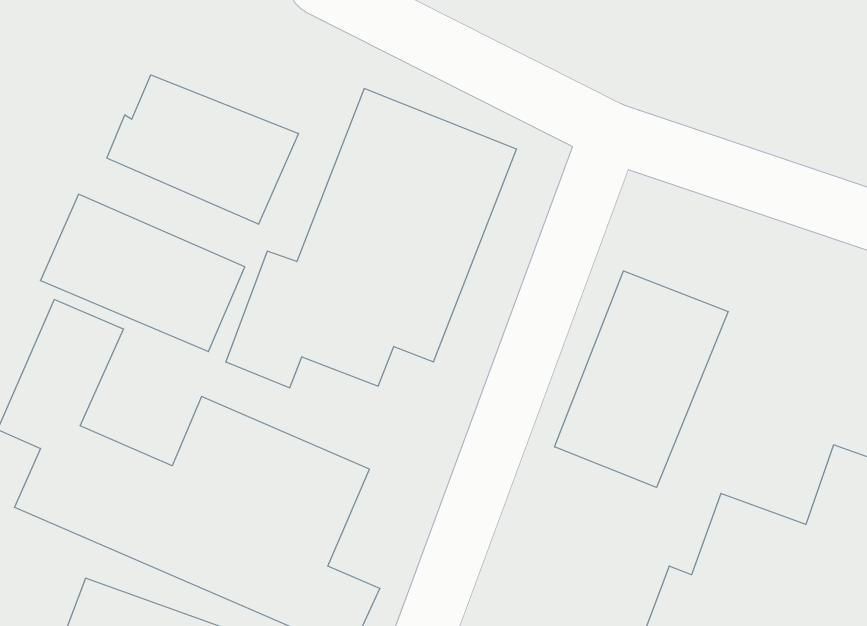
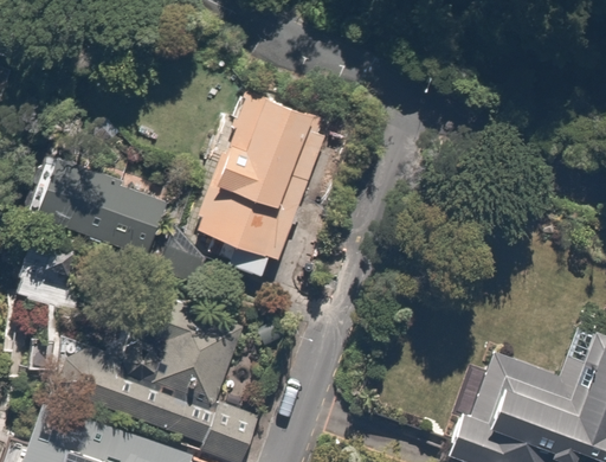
building: [107,75,298,224] -> none
building: [555,271,728,487] -> none

